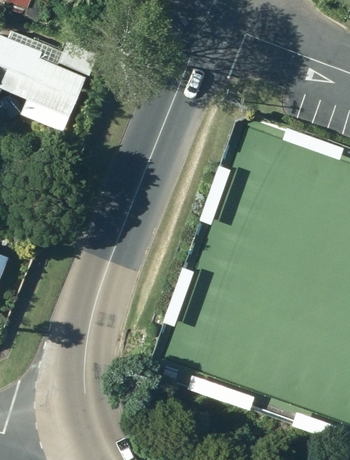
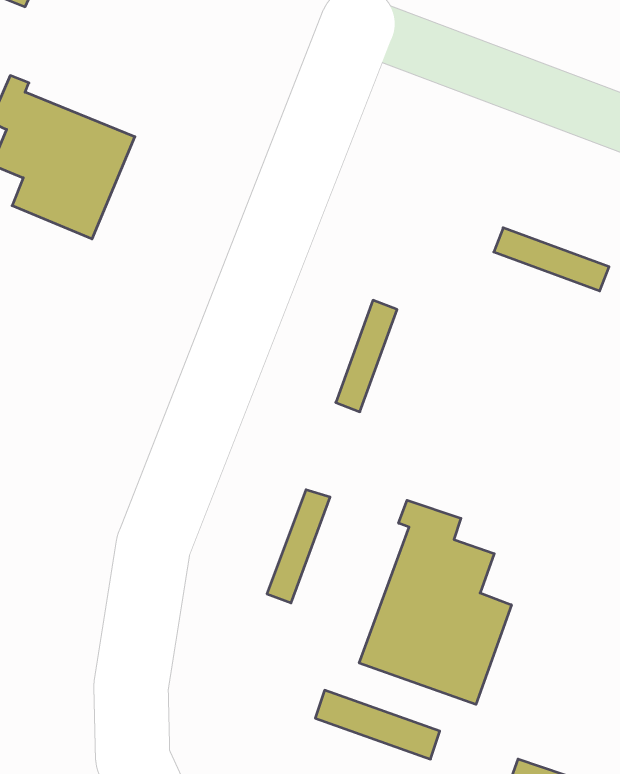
building: none -> [359,500,511,704]

